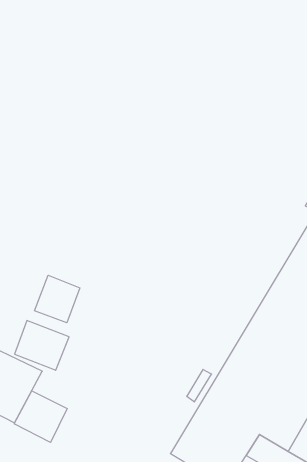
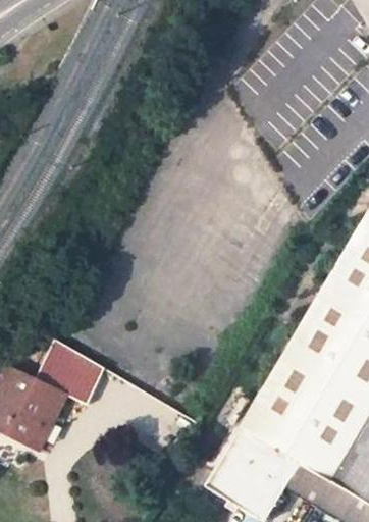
building: [35,275,80,323] -> none
building: [14,391,67,442] -> none

